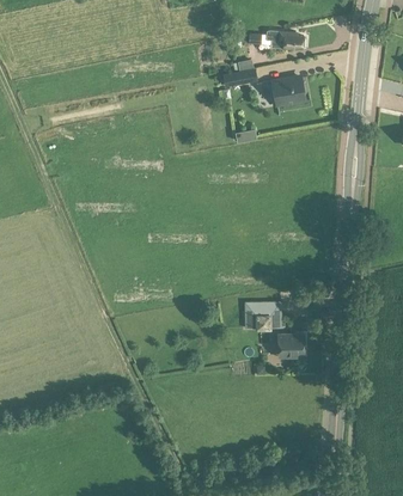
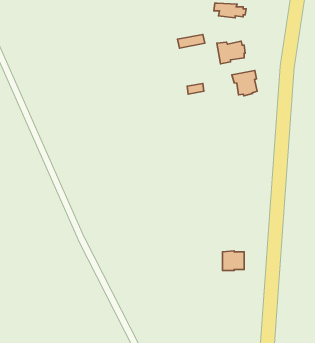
building: none -> [232,71,257,96]
building: [244,301,281,327] -> none

